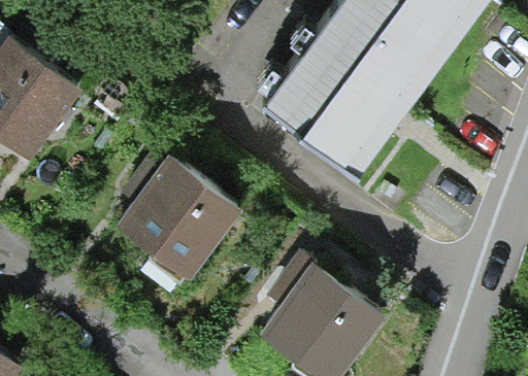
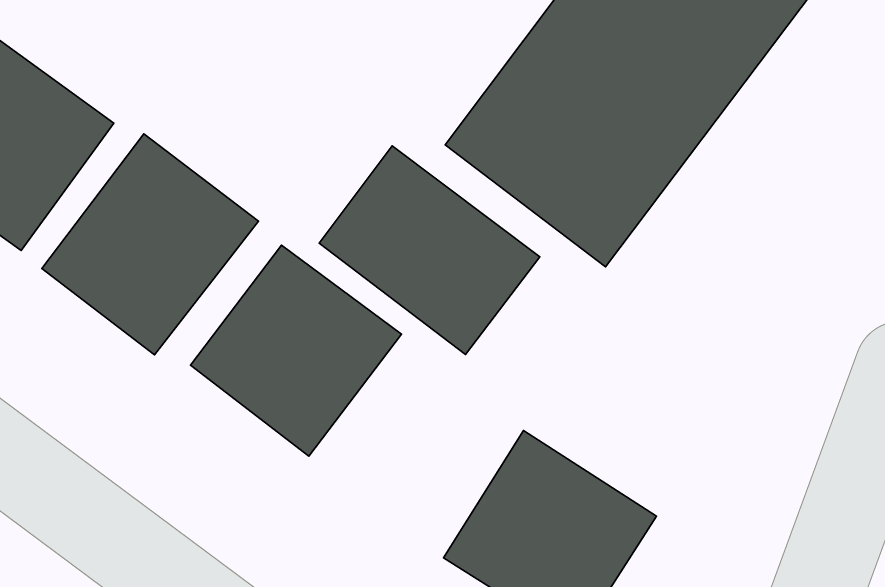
building: none -> [42,134,258,355]
building: none -> [319,146,540,354]

